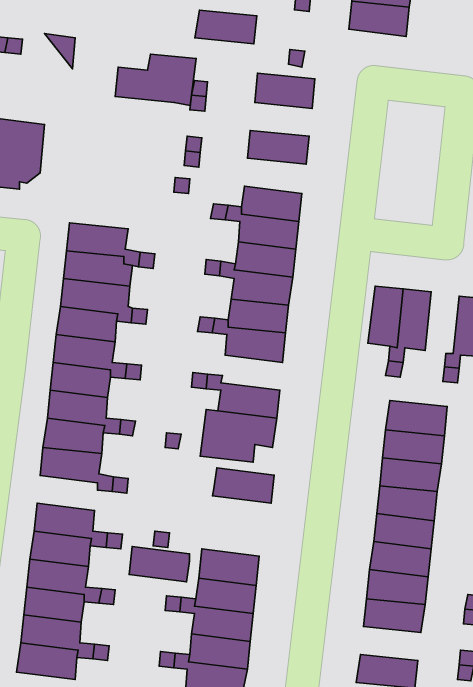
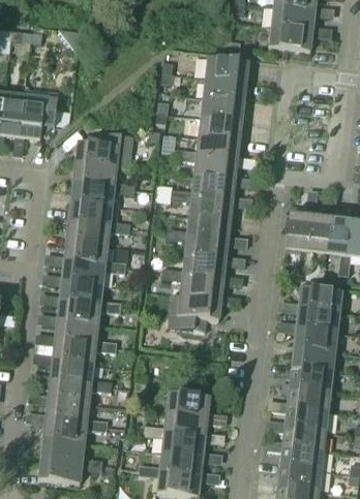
building: [195,10,257,44] -> [203,77,246,101]
building: none -> [269,26,312,52]
building: [115,54,196,105] -> [76,132,132,168]
building: none -> [199,117,242,142]
building: none -> [326,211,350,254]
building: [212,468,274,503] -> [182,255,226,280]
building: [129,547,189,582] -> [53,340,95,365]
building: none -> [280,446,328,471]

